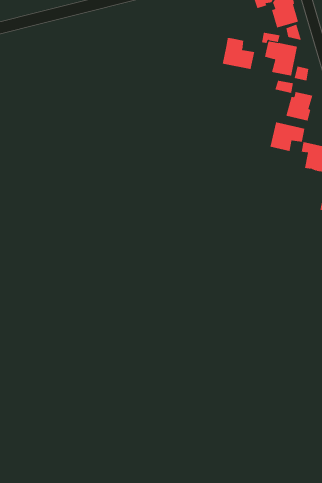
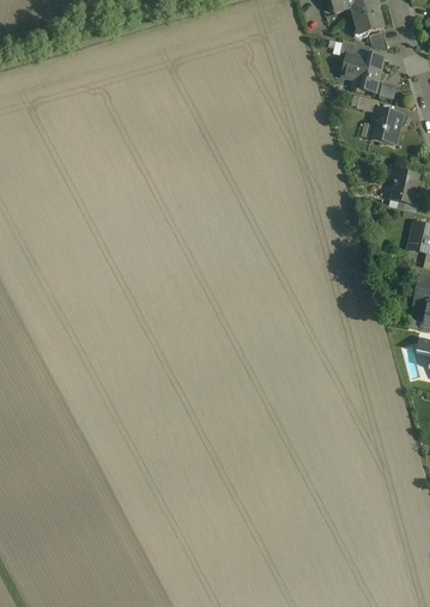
building: [222,37,255,70] -> none
building: [270,122,305,152] -> none

